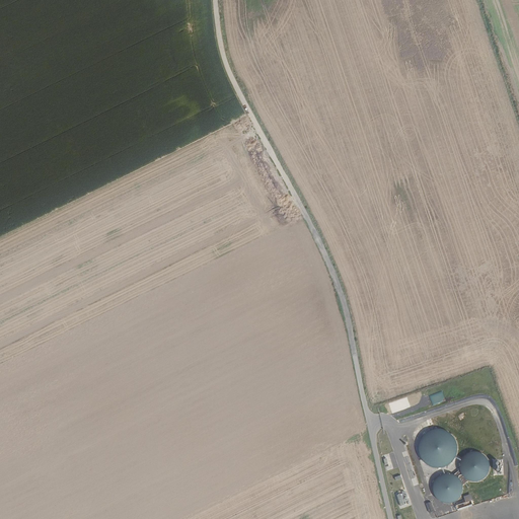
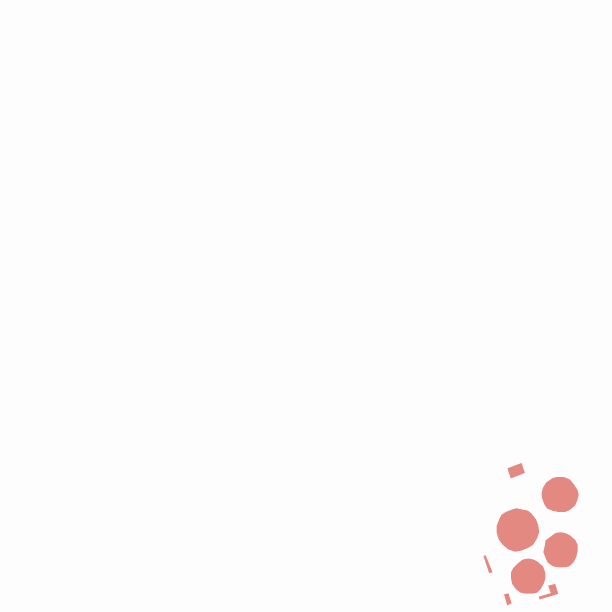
building: none -> [541,476,579,513]

